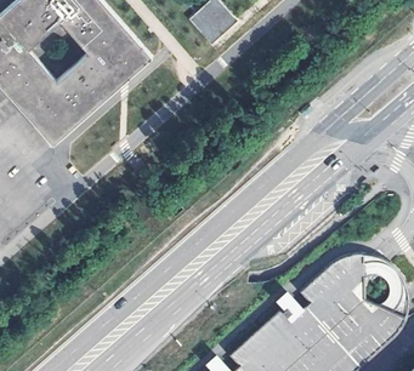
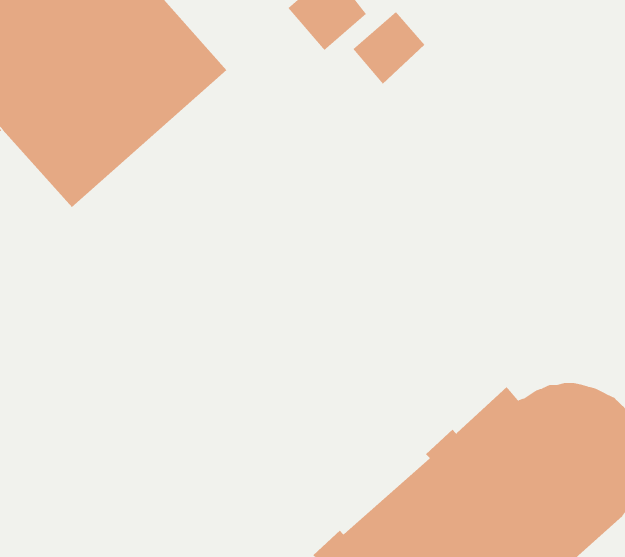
building: none -> [352,11,425,84]

